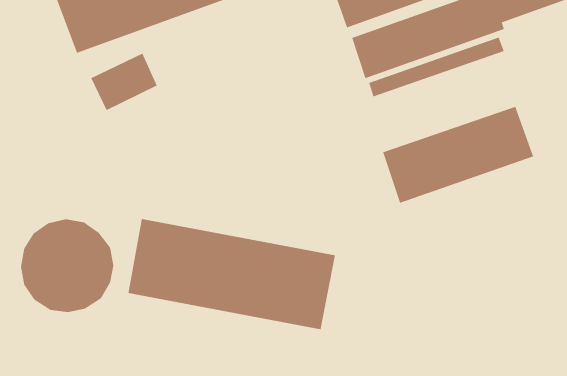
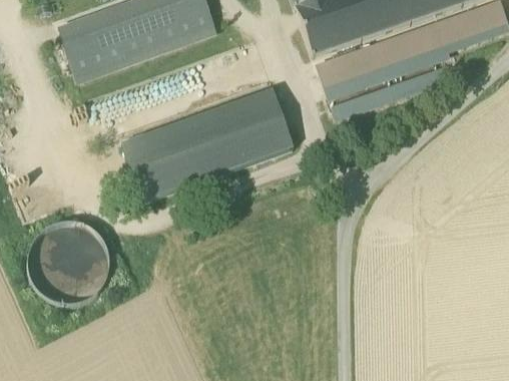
building: none -> [121,89,293,200]
building: [382,106,534,204] -> none
building: [127,218,336,330] -> none

